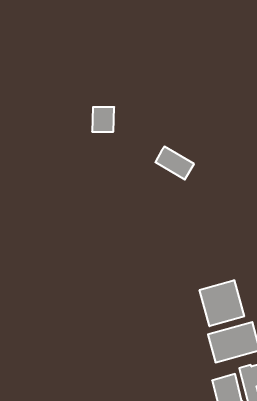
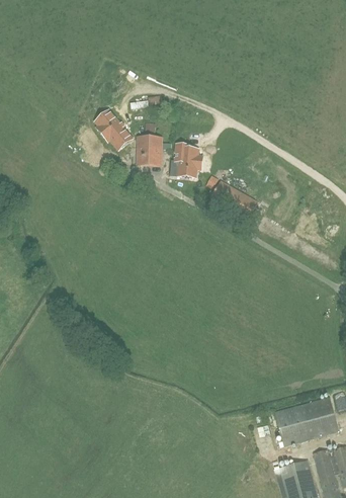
building: none -> [95,110,133,151]
building: none -> [175,145,203,178]
building: [200,280,244,326] -> none

